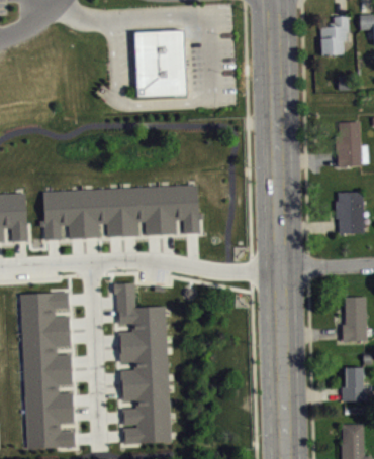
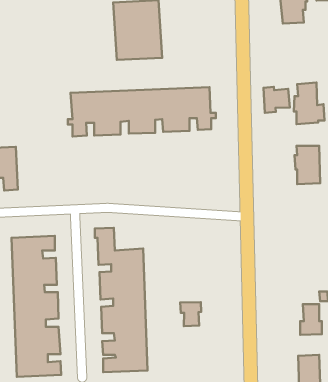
building: none -> [263,87,290,113]
building: [39,186,204,240] -> [68,87,216,136]
building: [342,298,368,342] -> none
building: none -> [180,302,201,326]

